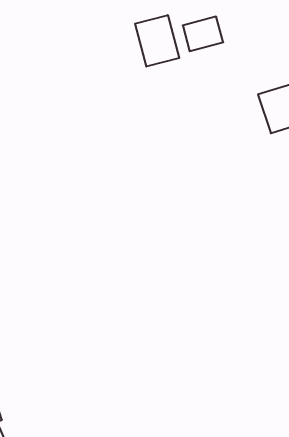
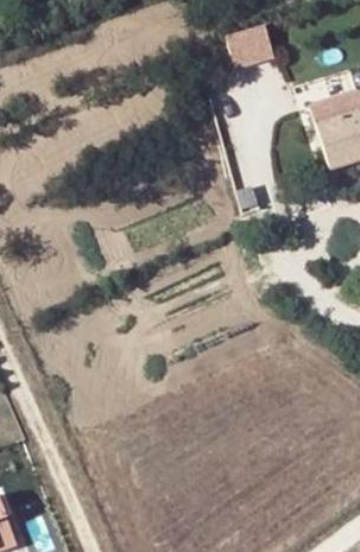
building: [135,15,179,67] -> none

